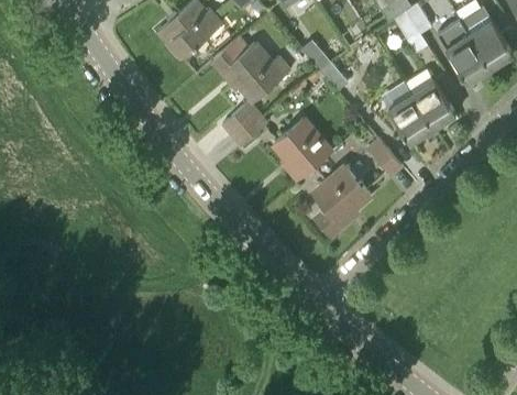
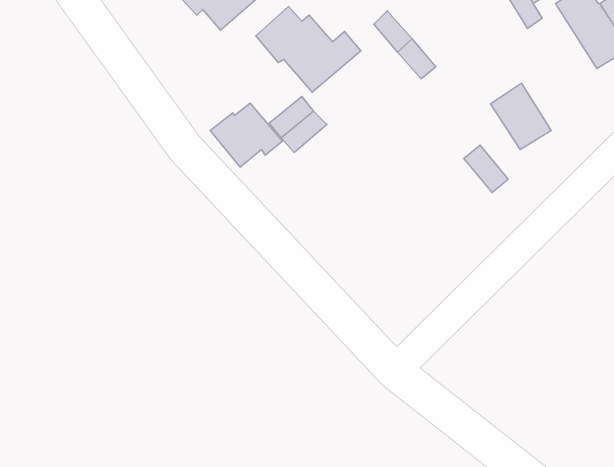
building: [411,79,457,129] -> none
building: none -> [210,103,283,167]
building: [274,119,331,176] -> none
building: [314,165,371,235] -> none

